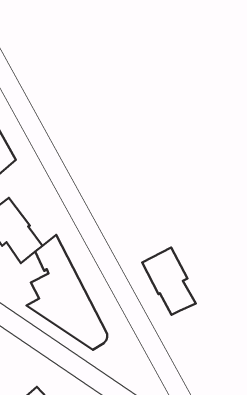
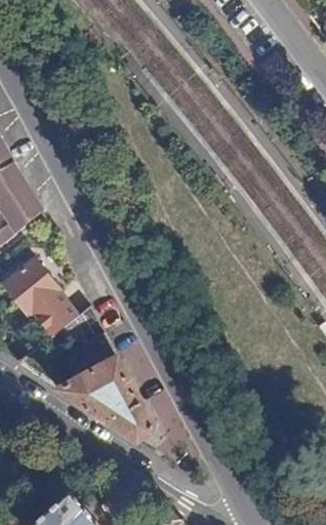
building: [142,248,196,315] -> none

